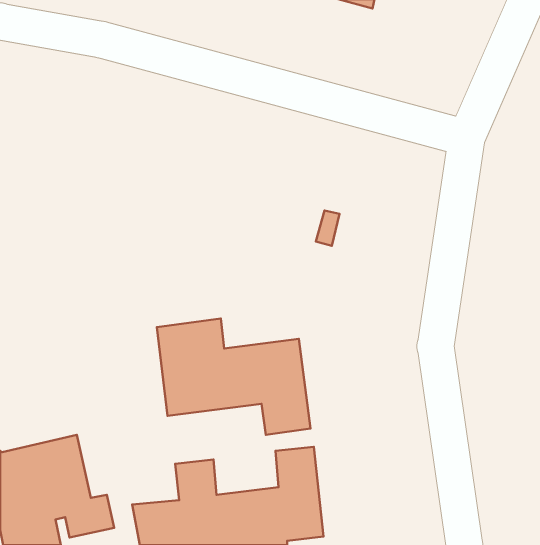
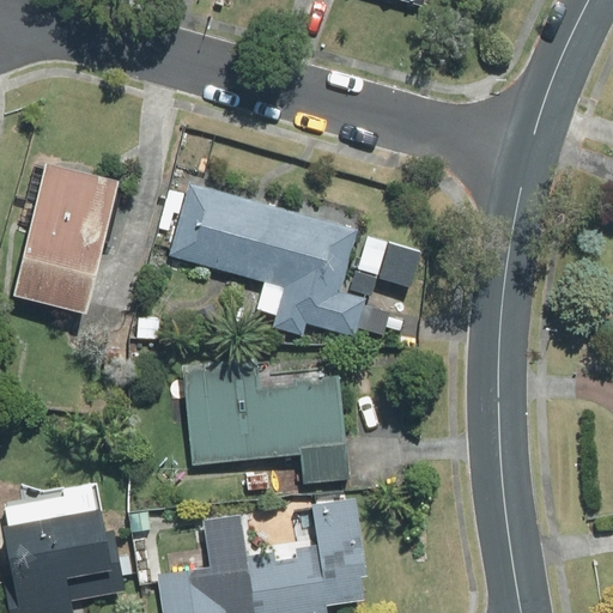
building: none -> [12,163,116,315]
building: none -> [171,184,389,341]

